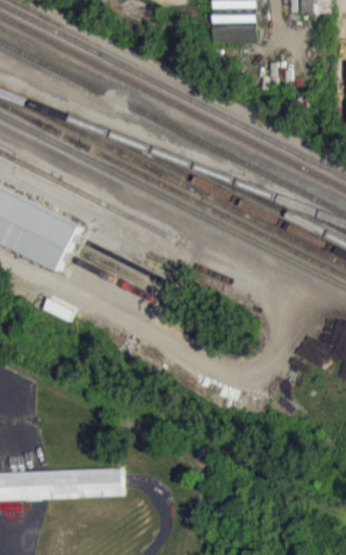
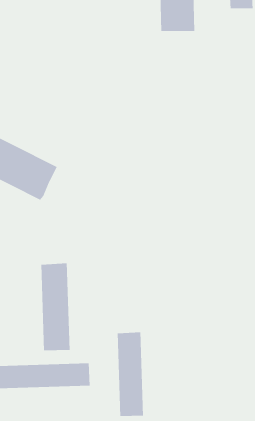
building: none -> [41,263,70,351]
building: none -> [117,331,144,417]

